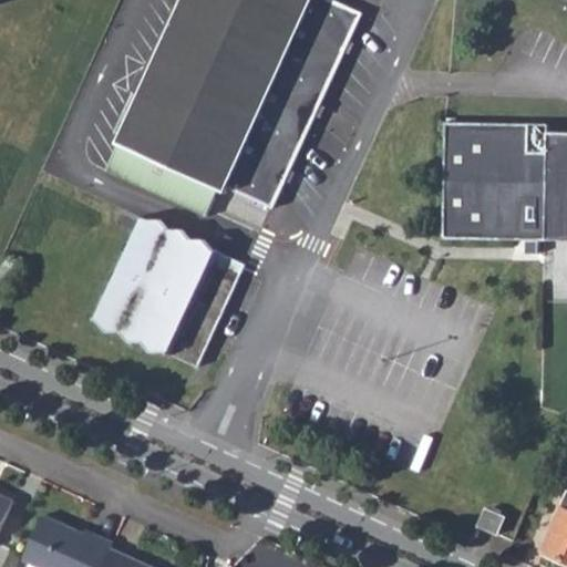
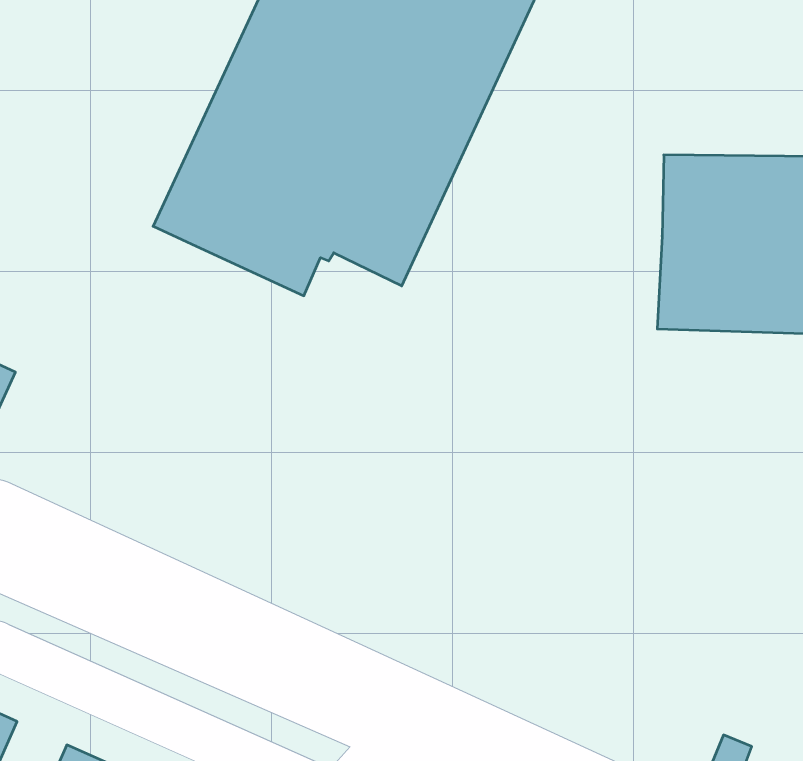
building: [90,215,243,364] -> none

